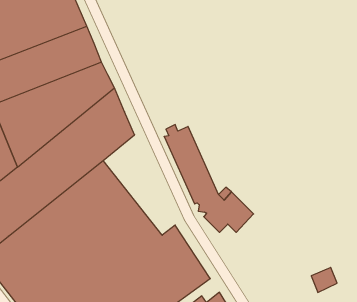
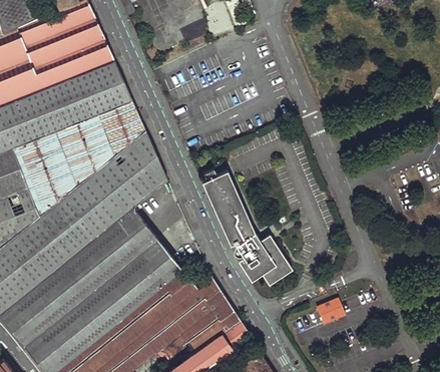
building: [311,267,337,292] -> [322,297,350,324]

